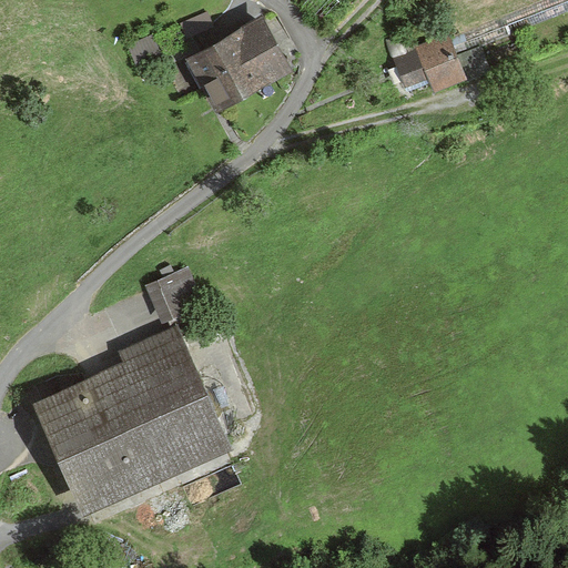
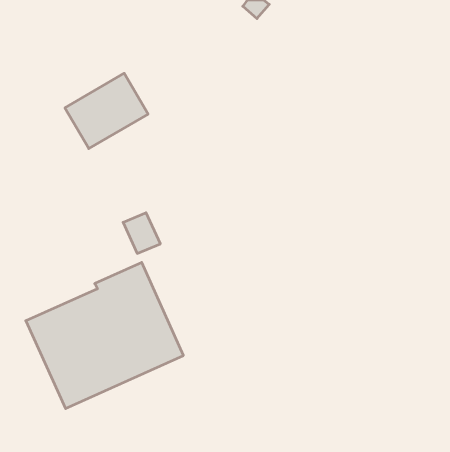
building: [189,17,293,111] -> [65,73,148,149]
building: [395,37,464,90] -> none

